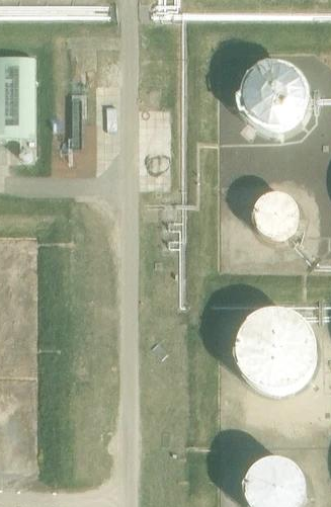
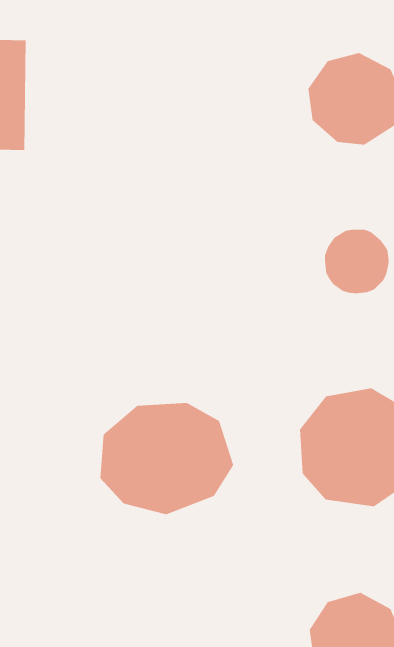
building: none -> [99,402,234,515]

